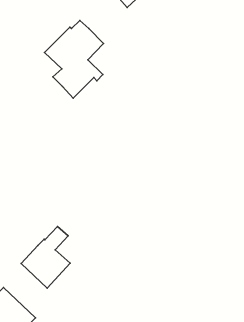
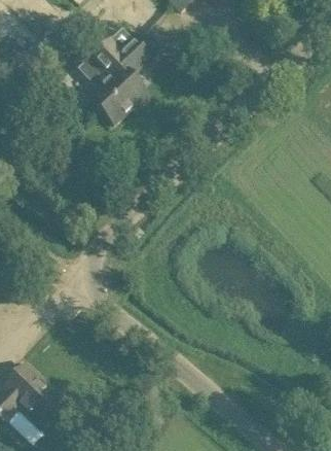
building: [21,227,70,288] -> none

